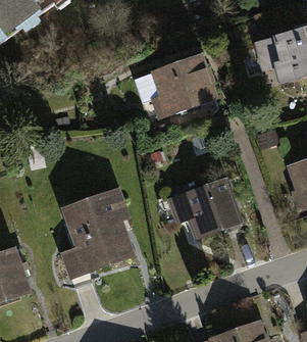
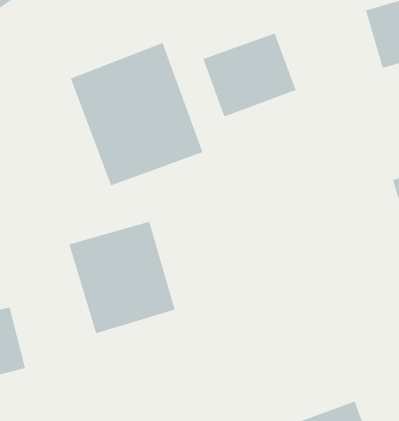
building: none -> [70,42,203,186]
building: [164,173,239,233] -> none

